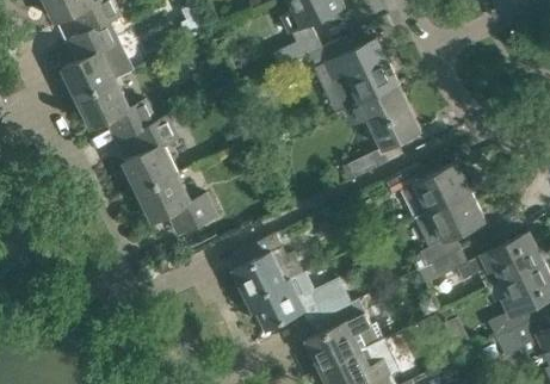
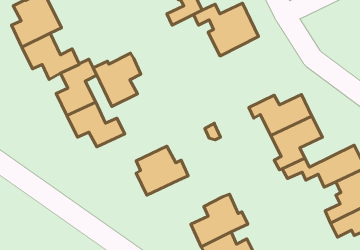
building: [346,85,420,180] -> none
building: none -> [93,53,141,107]
building: [246,279,348,328] -> none

